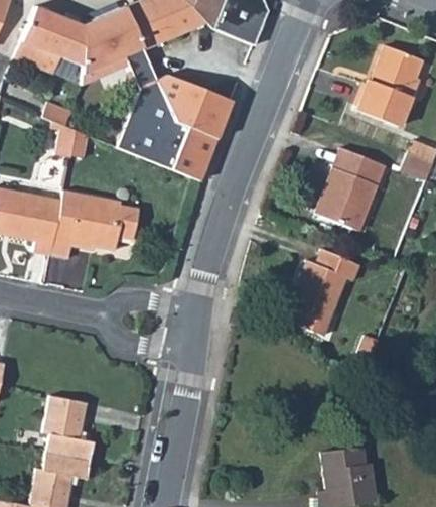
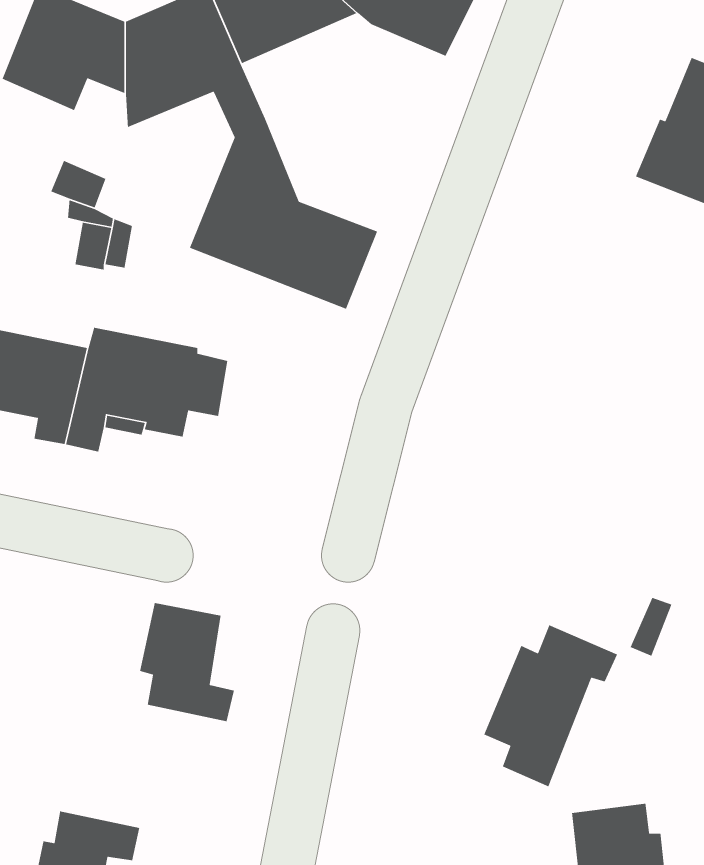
building: [158,75,233,139] -> none
building: [316,147,385,231] -> none
building: [288,248,360,336] -> [483,624,618,787]
building: [43,395,95,460] -> [139,602,235,722]

